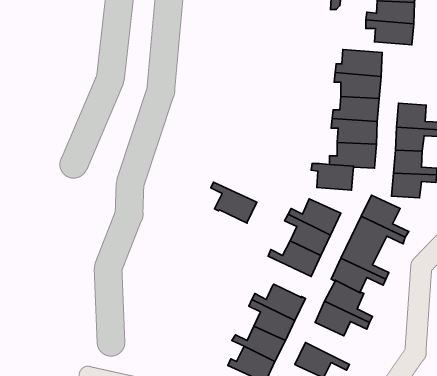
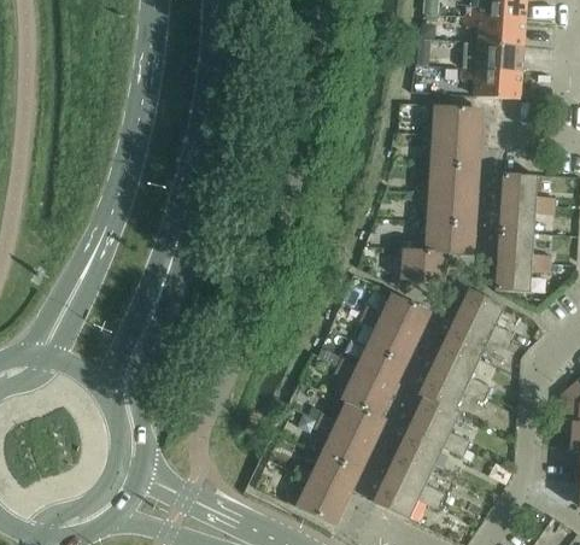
building: [211,182,257,223] -> [335,365,393,417]
building: none -> [386,449,445,502]

